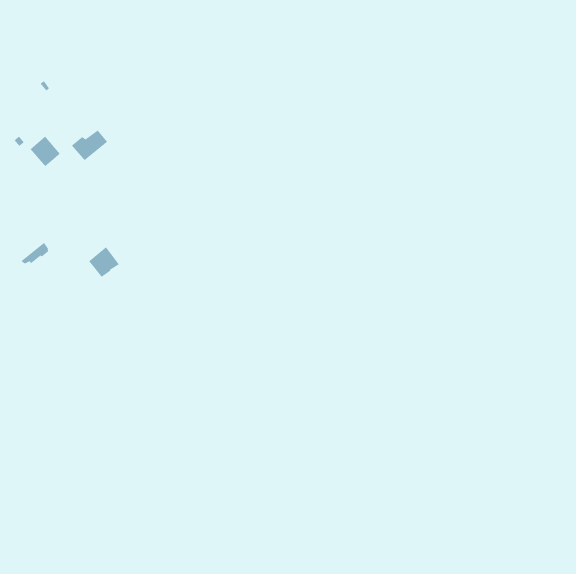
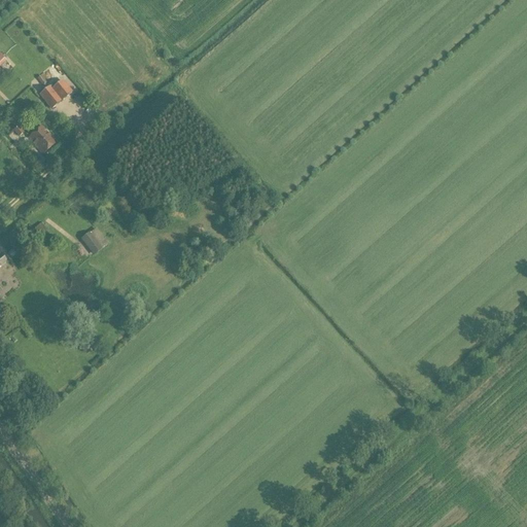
building: [71,130,108,161] -> [38,78,72,107]

